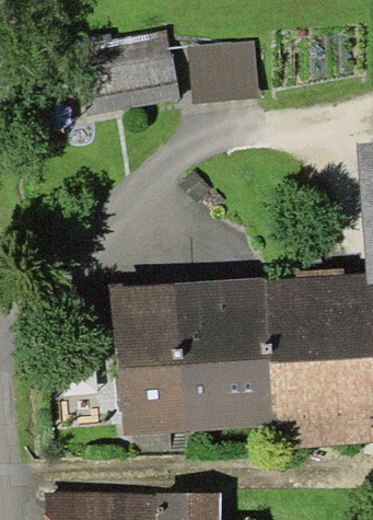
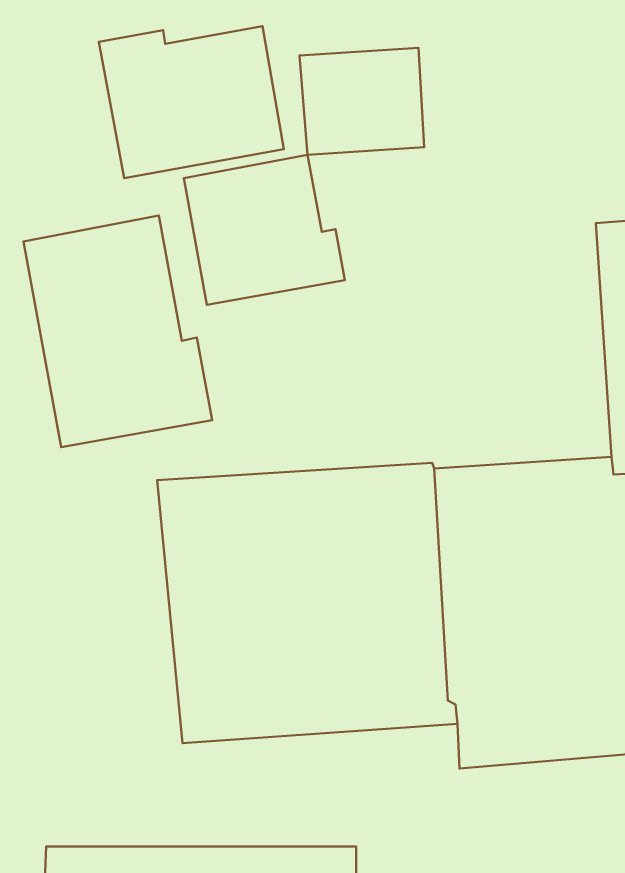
building: none -> [184,155,345,305]
building: none -> [24,216,212,447]

